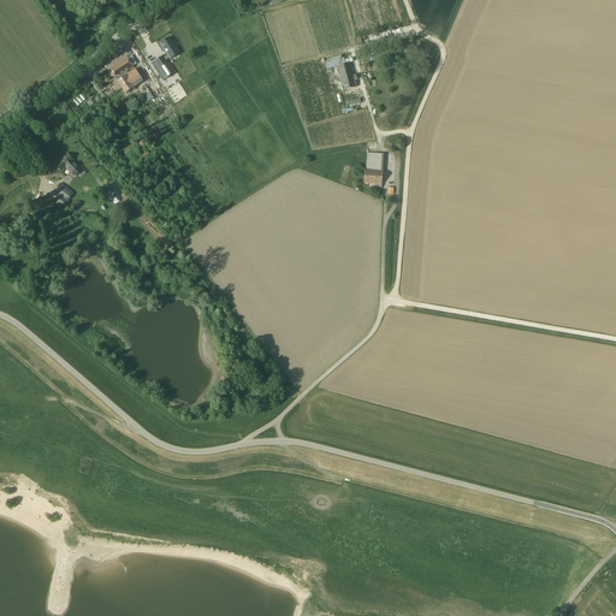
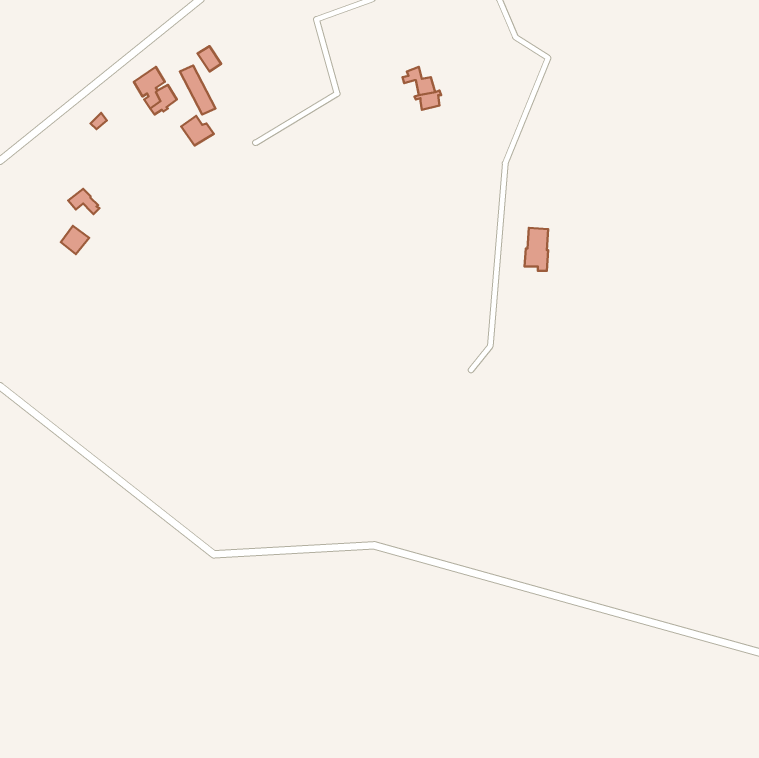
building: [363,152,383,186] -> [524,228,548,271]

